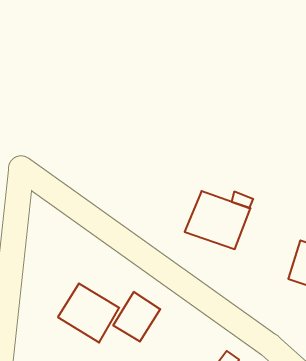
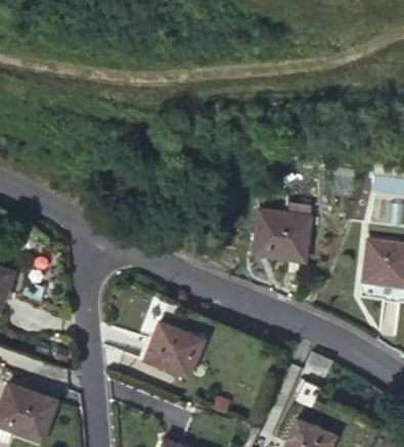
building: [113,292,160,342] -> none

